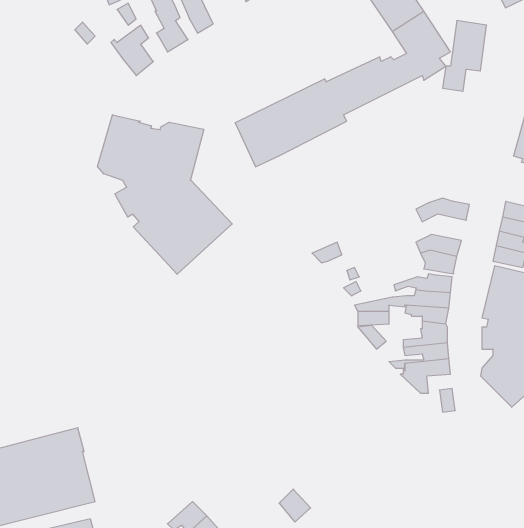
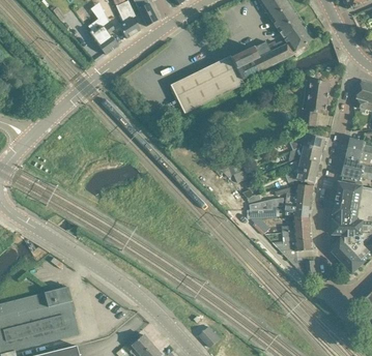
building: [443,21,487,91] -> [302,80,331,126]
building: [98,115,232,274] -> none
building: none -> [289,145,323,162]

